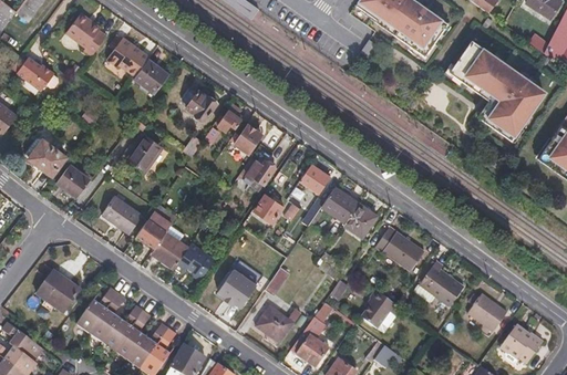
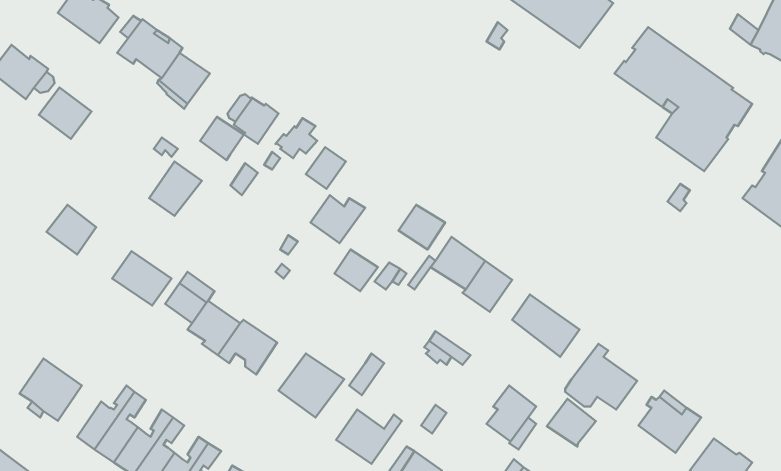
building: none -> [200,117,244,160]
building: [29,139,65,175] -> [39,88,92,139]
building: none -> [547,399,596,447]

